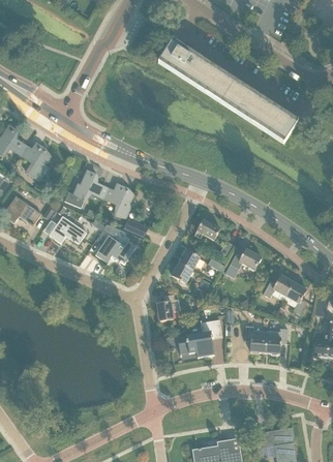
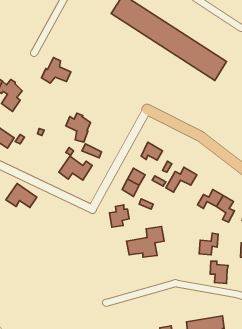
building: [73,168,109,199] -> [42,57,71,83]
building: [49,214,86,243] -> [6,183,37,208]
building: [245,325,267,351] -> [210,261,228,283]

